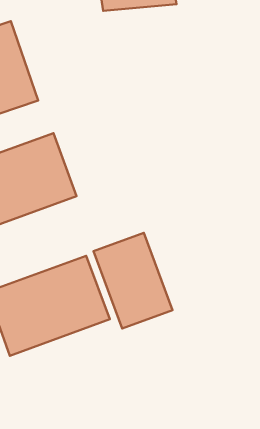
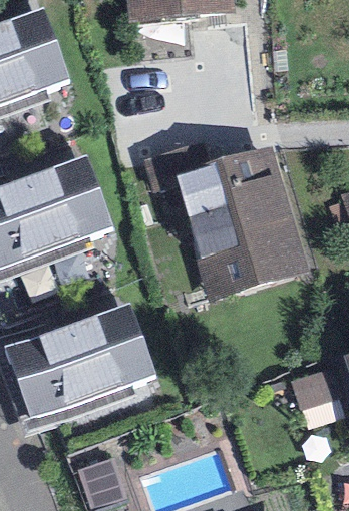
building: none -> [184,143,294,288]
building: [94,233,172,328] -> none

